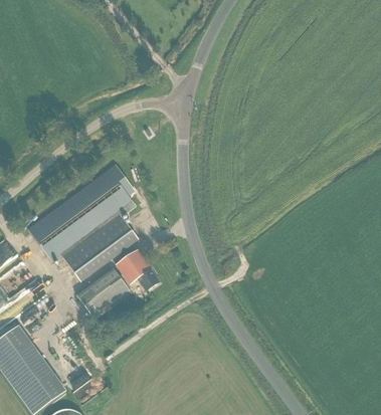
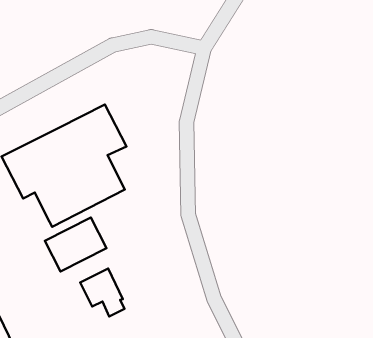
building: [116,248,158,289] -> [80,269,125,317]

